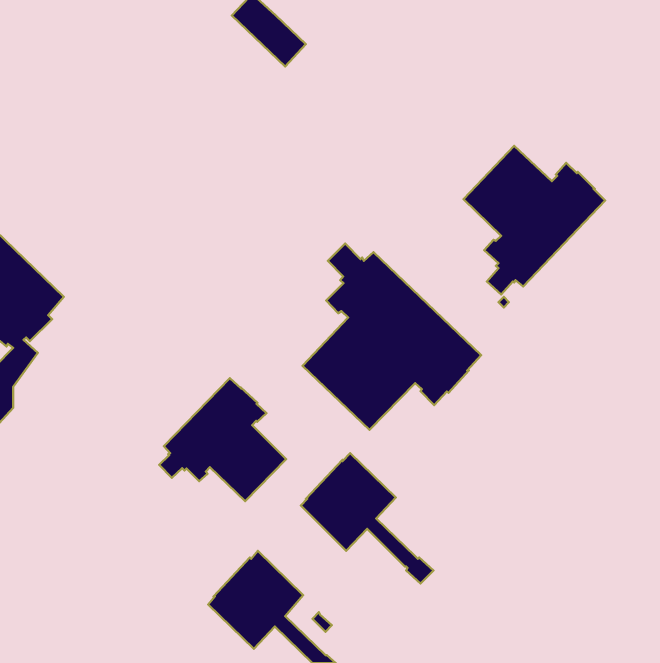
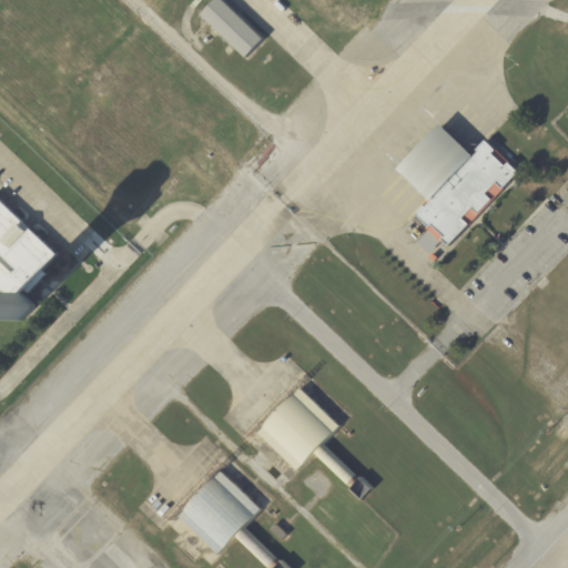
building: [303,244,481,430] -> none
building: [159,378,286,501] -> none

